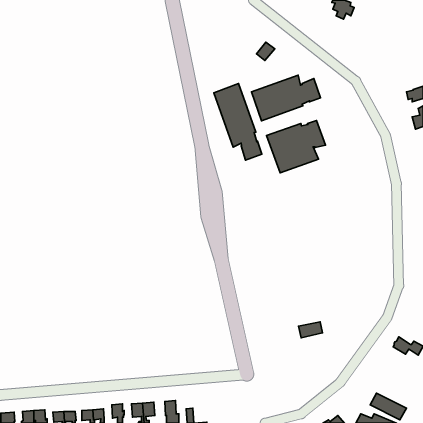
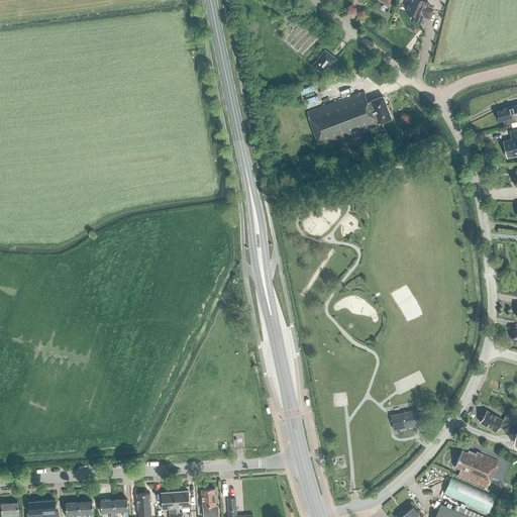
building: [214,83,262,160] -> none
building: [267,121,325,173] -> none
building: [299,322,323,338] -> [391,411,420,430]
building: none -> [454,451,498,488]

